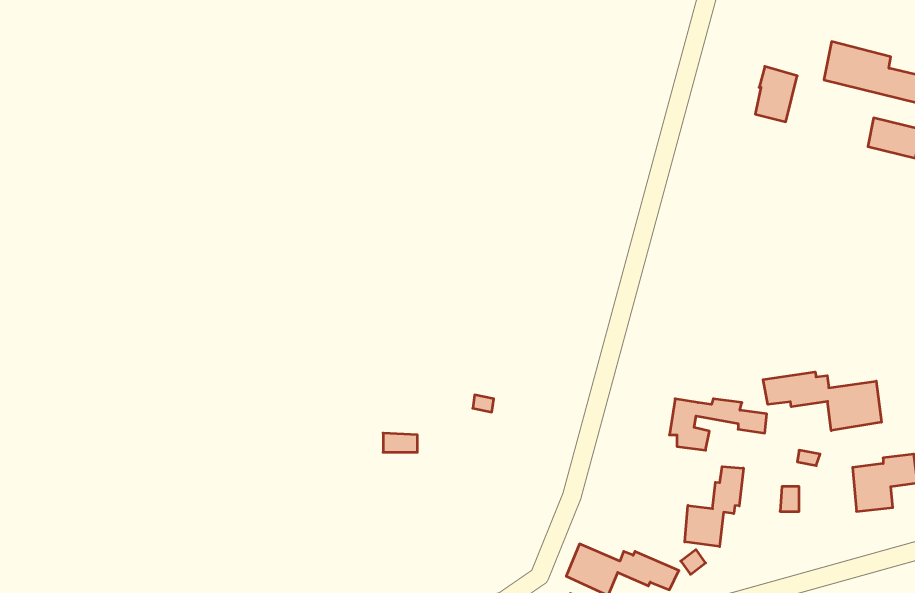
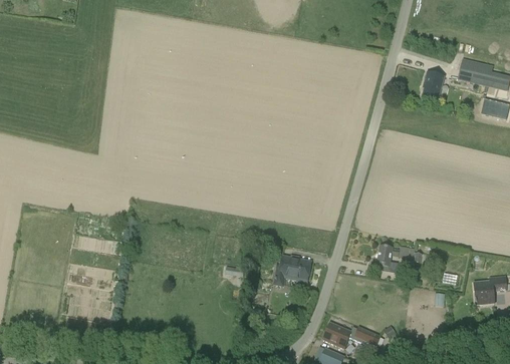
building: [763,372,881,431] -> none
building: none -> [272,256,310,286]
building: [685,467,743,547] -> none

